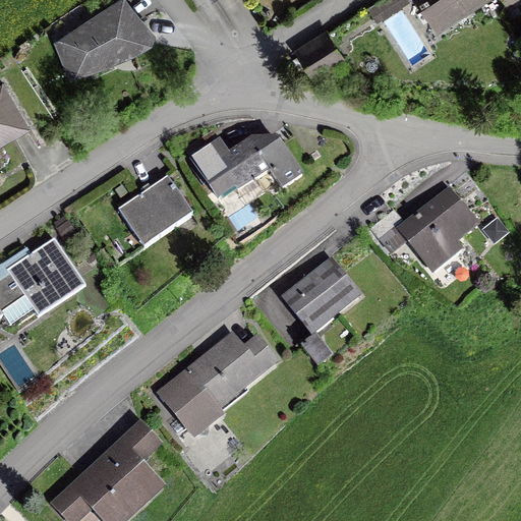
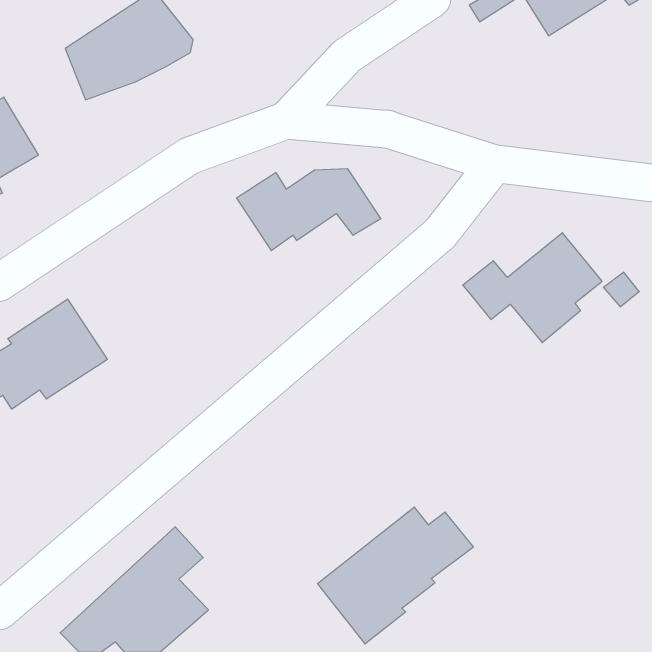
building: [291,25,343,76] -> none
building: [117,175,192,247] -> none
building: [280,255,361,365] -> none
building: [155,331,279,440] -> [317,507,473,644]

